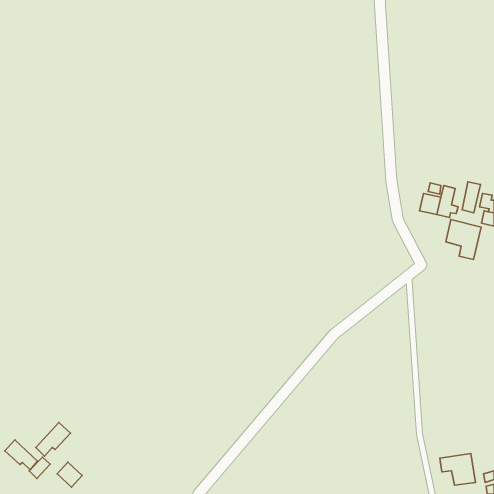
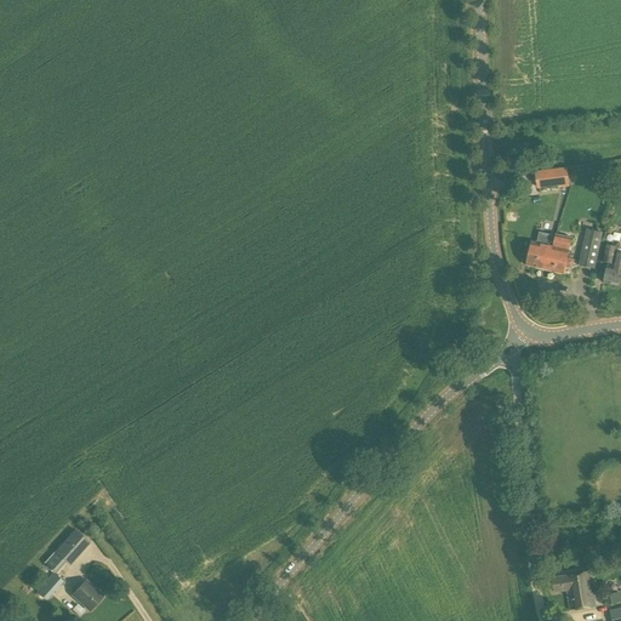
building: none -> [535,167,569,189]
building: [446,220,481,259] -> none
building: [5,440,38,470] -> none

